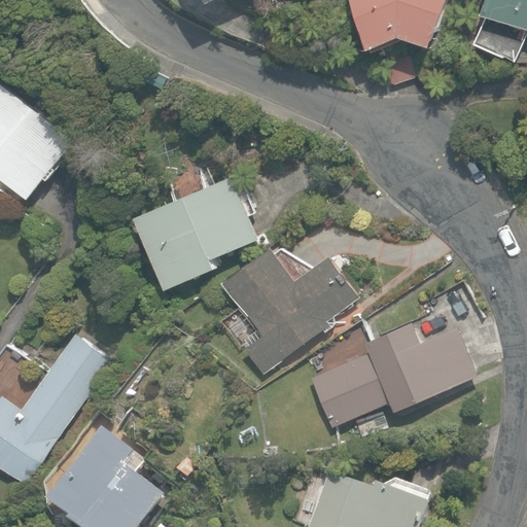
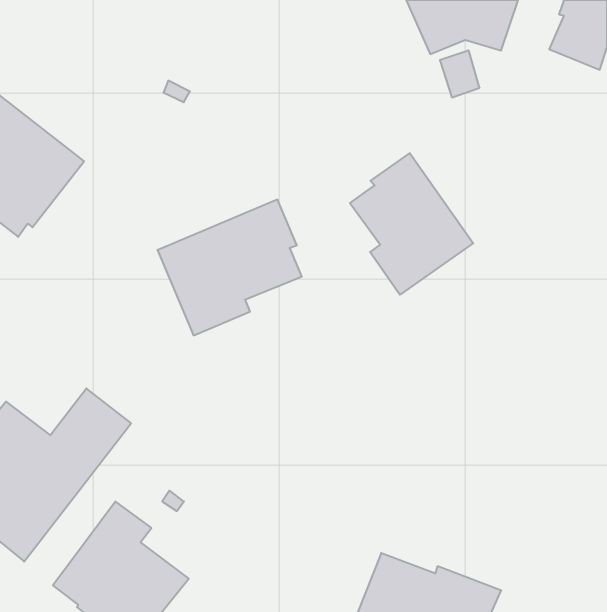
building: none -> [350,153,473,295]
building: [222,247,358,374] -> none
building: [309,321,477,427] -> none

